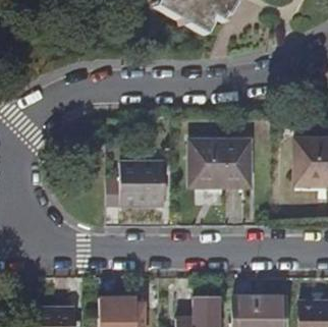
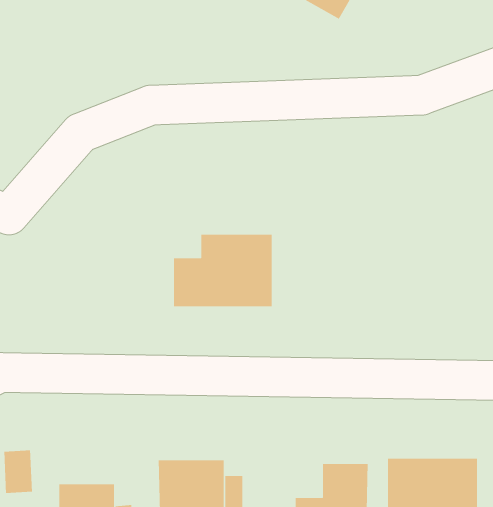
building: [190,143,248,184] -> none

